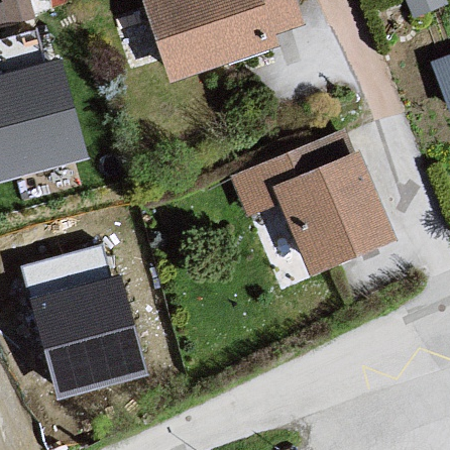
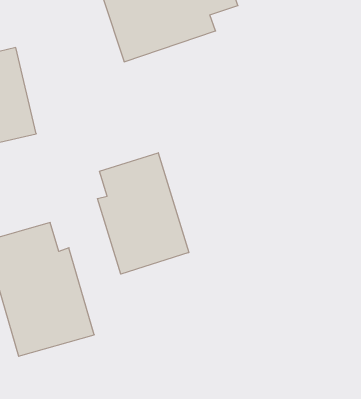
building: [227,162,390,287] -> none
building: none -> [97,153,189,274]

